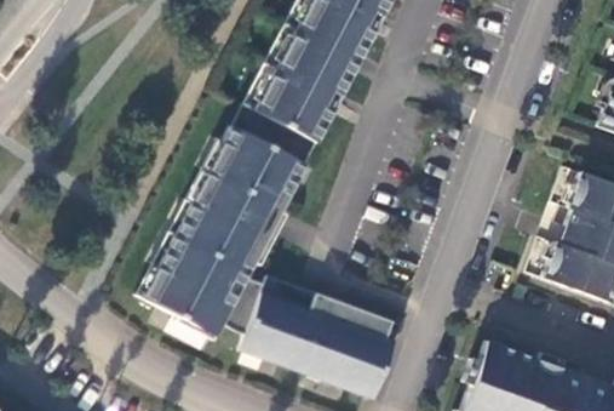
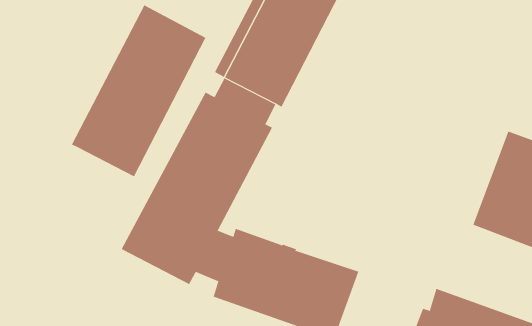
building: none -> [71,4,206,177]

